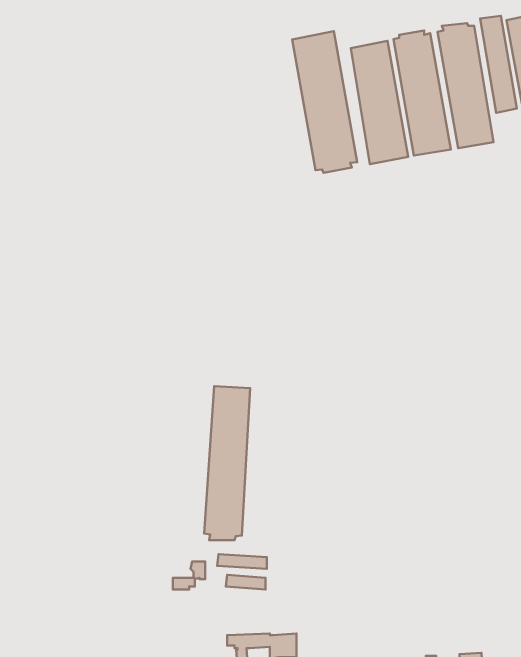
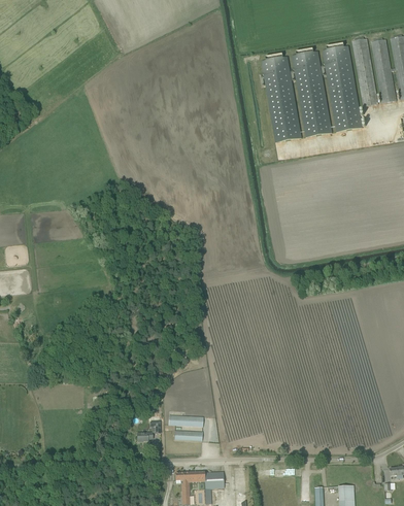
building: [292,31,357,173] -> none
building: [204,386,250,540] -> none

